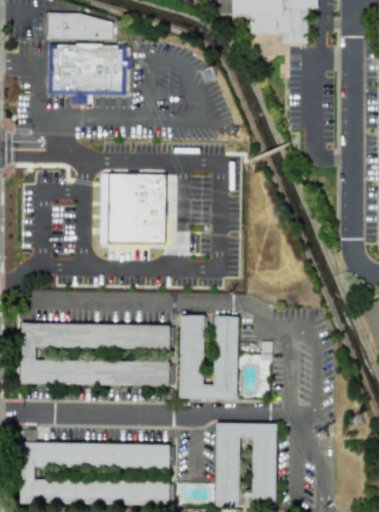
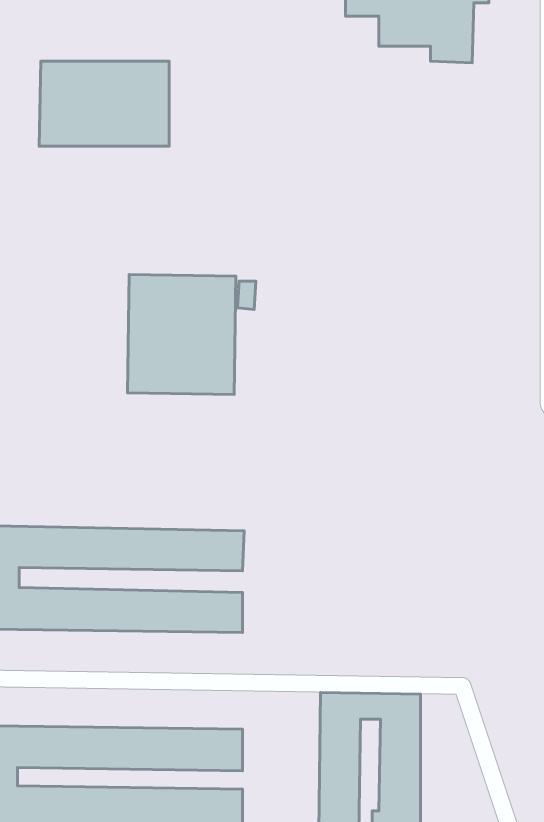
building: [48,14,114,40] -> none
building: [179,314,239,399] -> none

